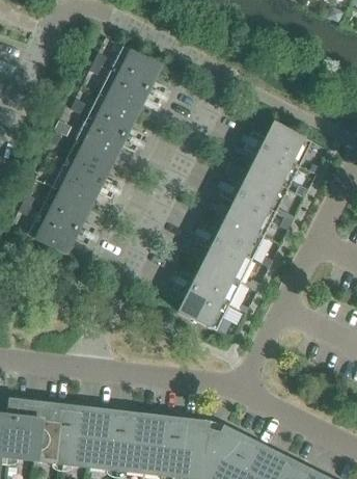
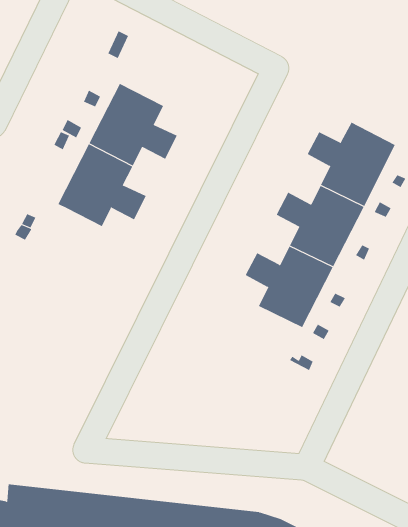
building: [101,45,168,110] -> none
building: [29,186,98,251] -> none
building: [174,265,242,329] -> none

